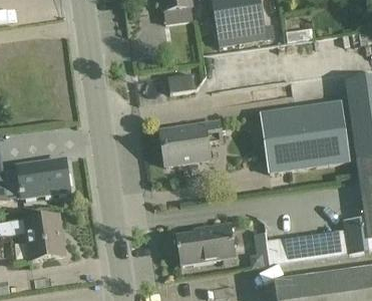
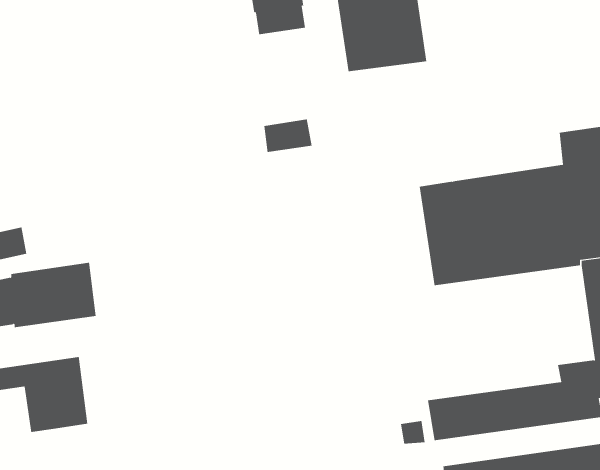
building: [160,120,223,165] -> none
building: [176,223,237,265] -> none

